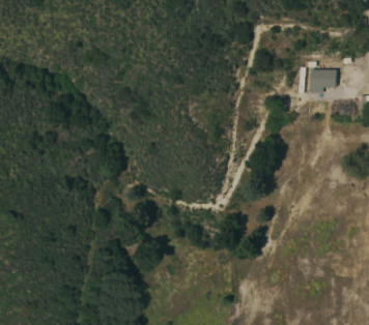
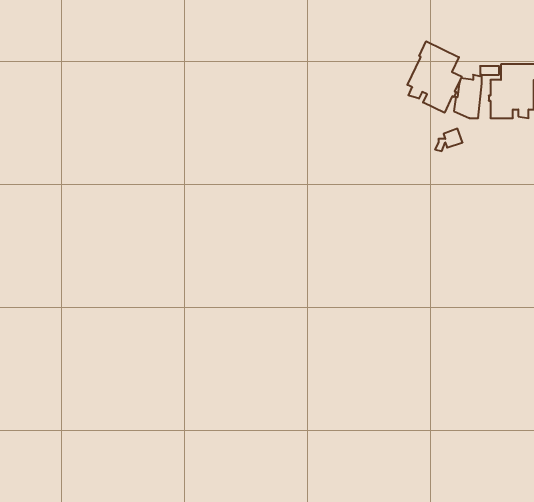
building: none -> [407,41,462,113]

